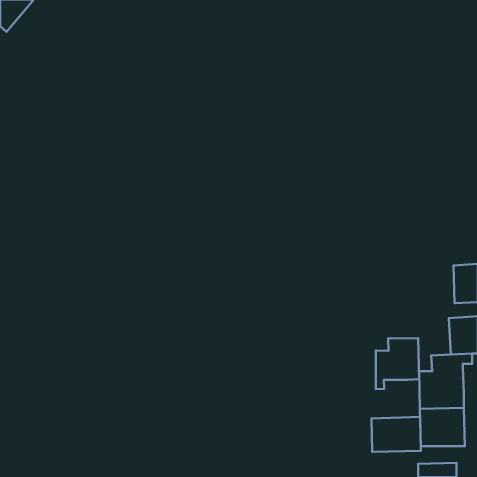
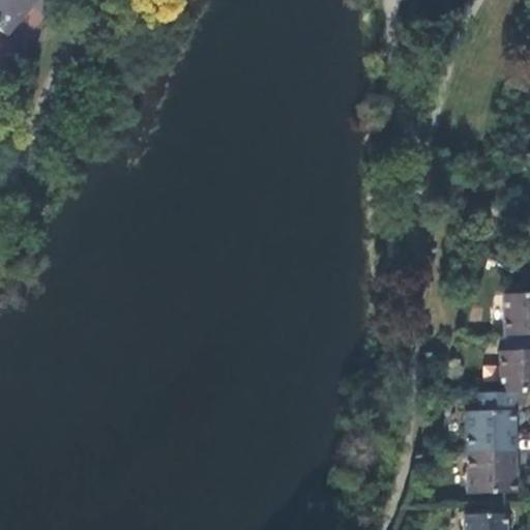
building: [376,338,419,389] -> none
building: [372,417,421,452] -> none

